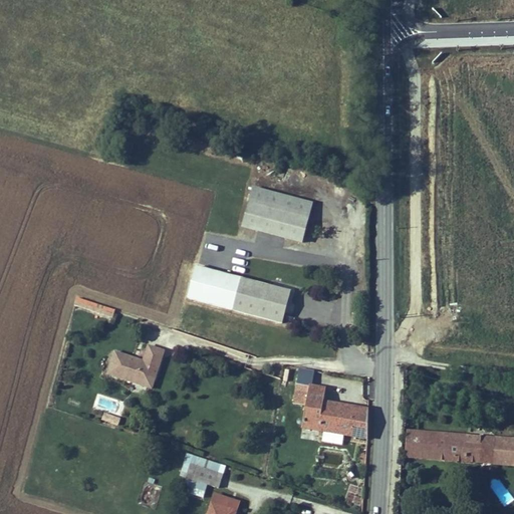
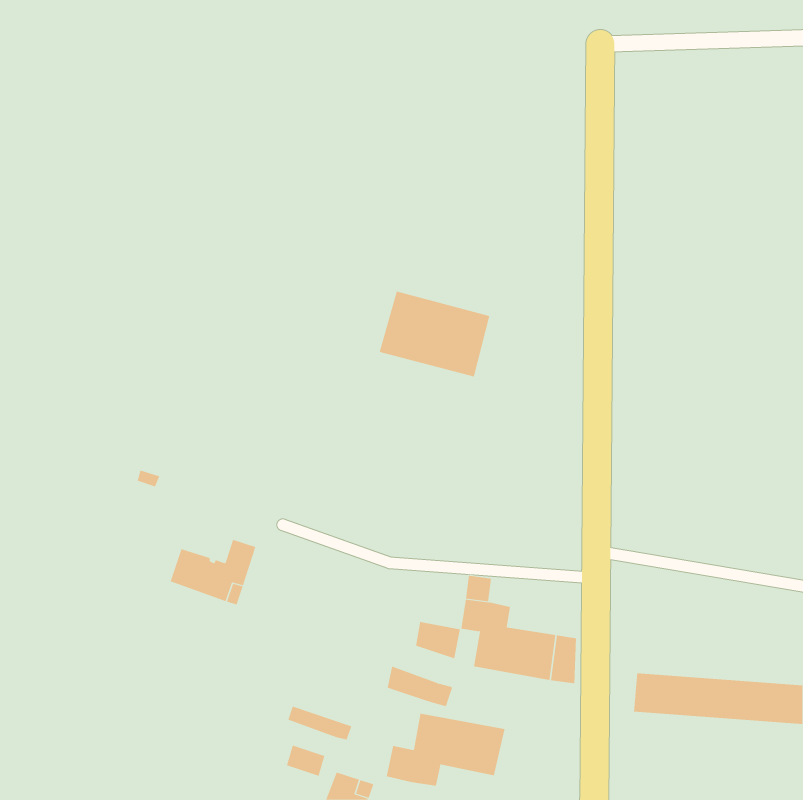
building: [188,265,290,321] -> none
building: none -> [416,621,460,659]
building: none -> [386,713,505,787]
building: [181,460,223,486] -> [387,666,453,707]

